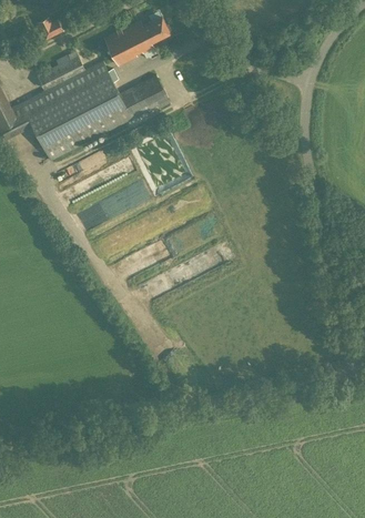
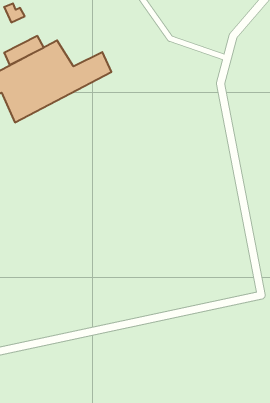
building: [103,17,169,65] -> none

